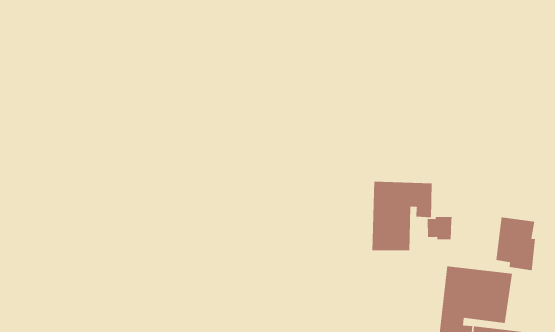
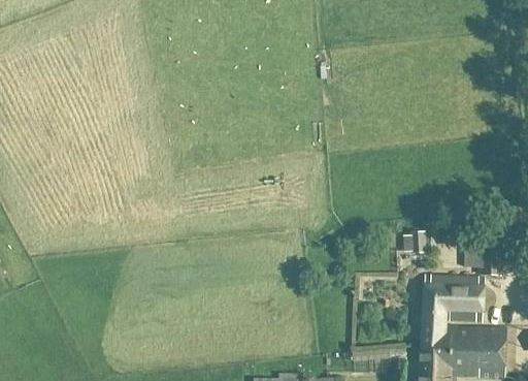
building: [372,181,432,251] -> none

